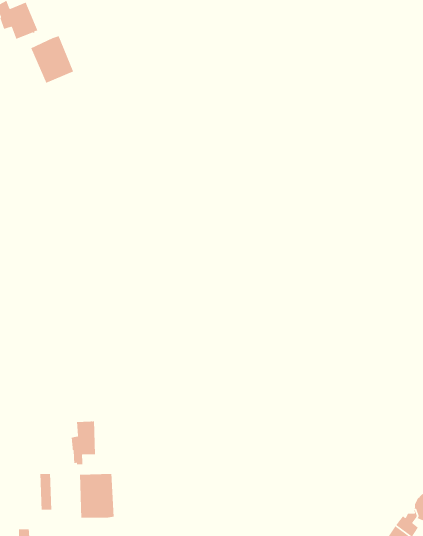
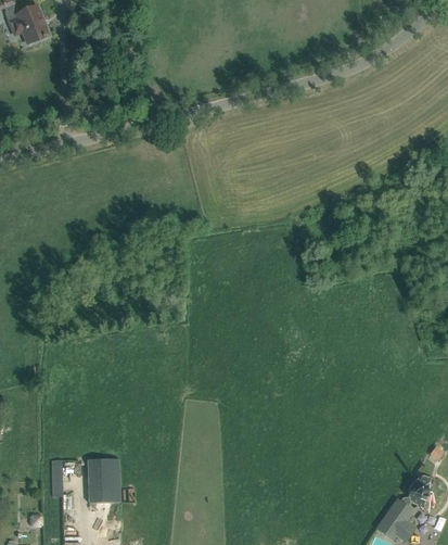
building: [30,35,74,84] -> none
building: [71,420,96,469] -> none

